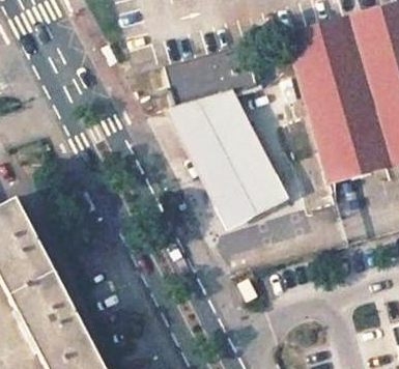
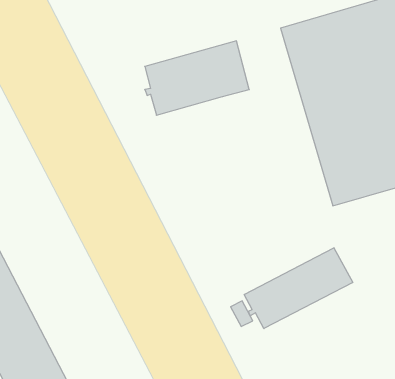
building: [167,94,289,231] -> none
building: none -> [244,248,353,329]

